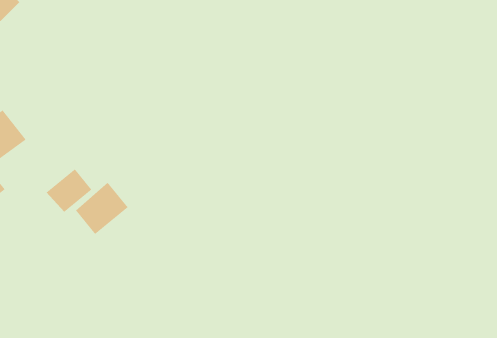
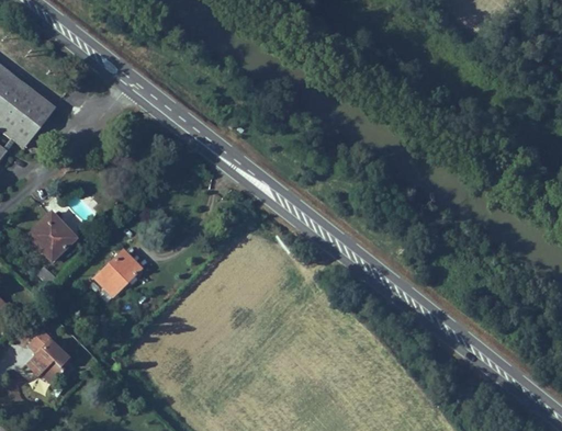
building: [75,182,129,235] -> none

